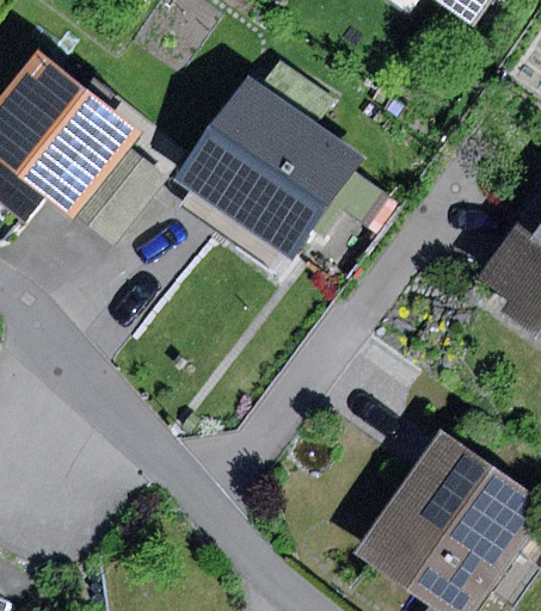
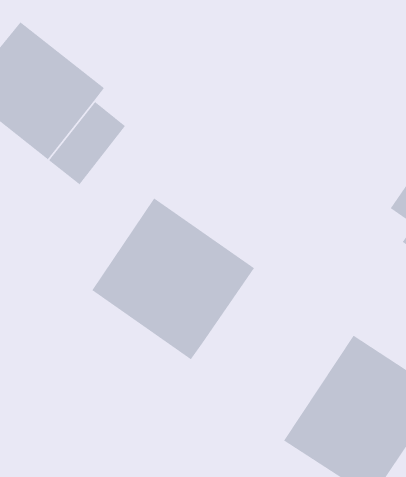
building: [176,76,388,263] -> none
building: none -> [91,198,255,360]

